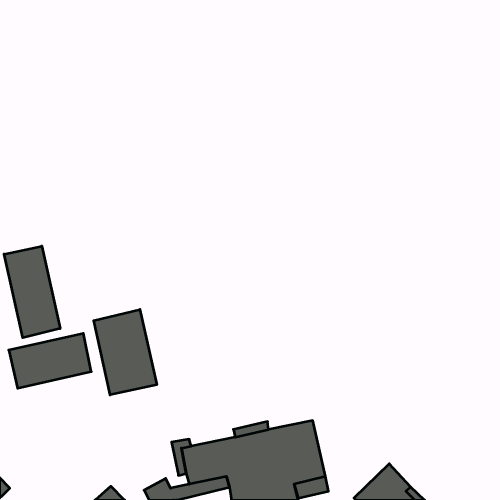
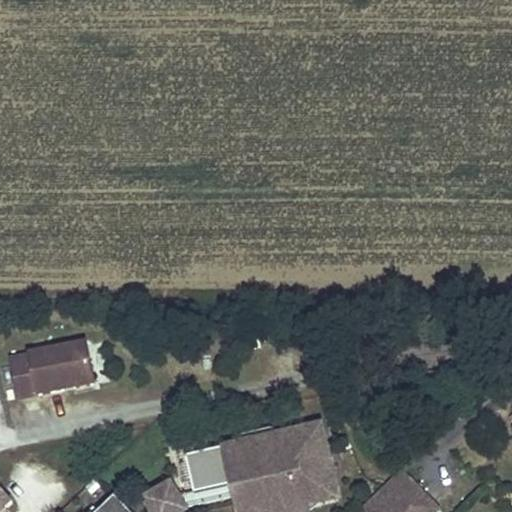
building: [4,246,60,338] -> none
building: [94,309,157,395] -> none

